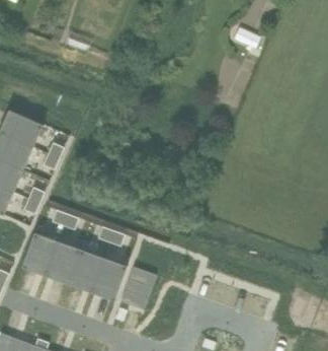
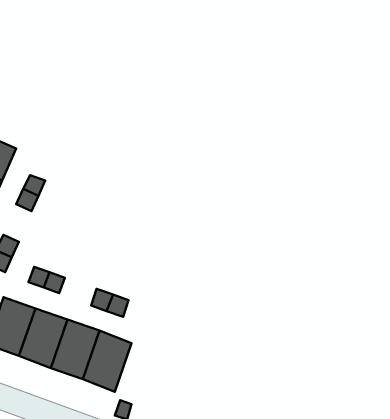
building: [119,267,156,309] -> none

